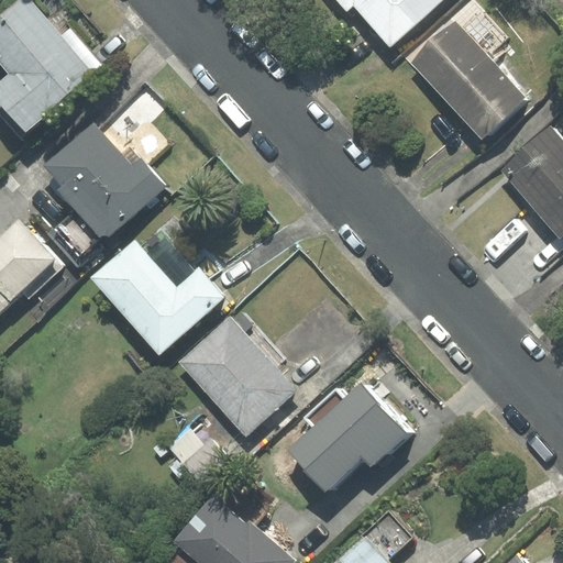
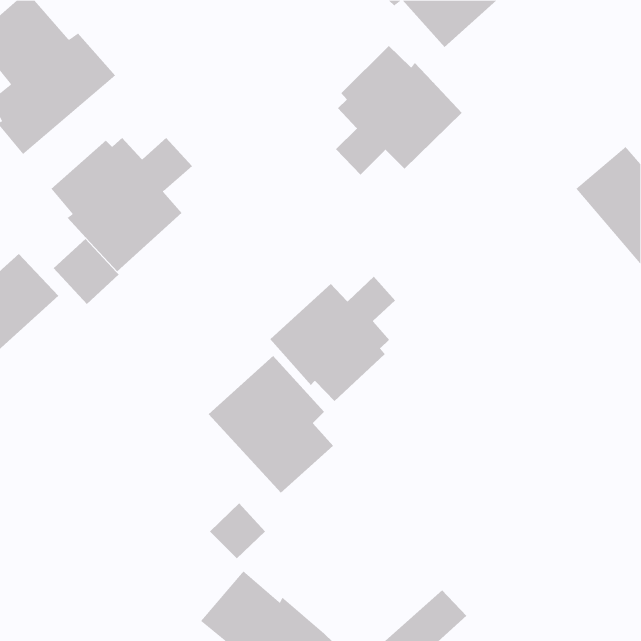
building: [417,23,532,140] -> none
building: none -> [335,45,463,176]
building: [91,232,221,356] -> none
building: none -> [269,276,396,402]
building: [289,387,402,489] -> none

